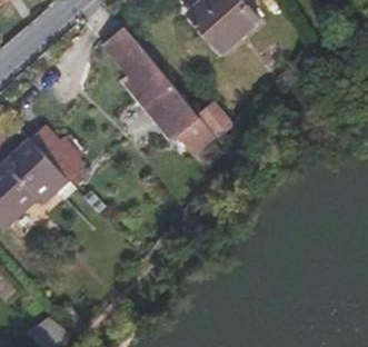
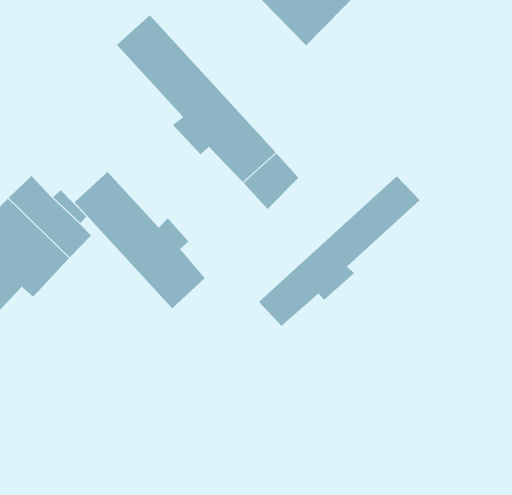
building: none -> [74,171,206,309]
building: none -> [258,175,420,327]

